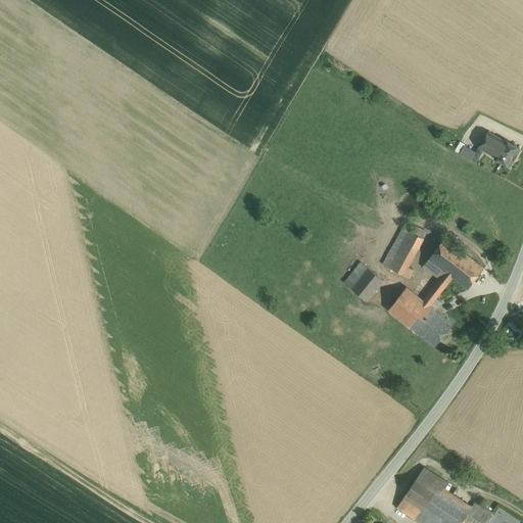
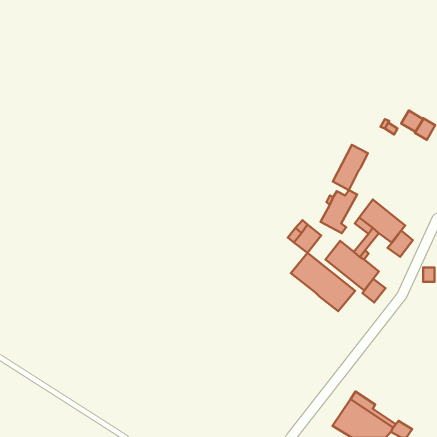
building: none -> [333,145,368,190]
building: none -> [388,231,413,257]
building: none -> [291,253,355,311]
building: none -> [362,279,386,303]

